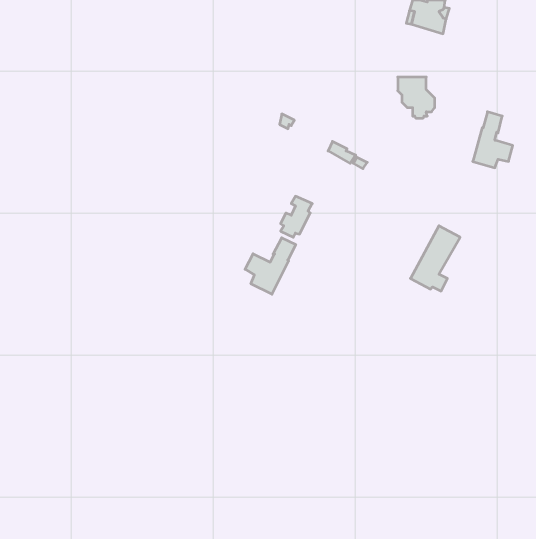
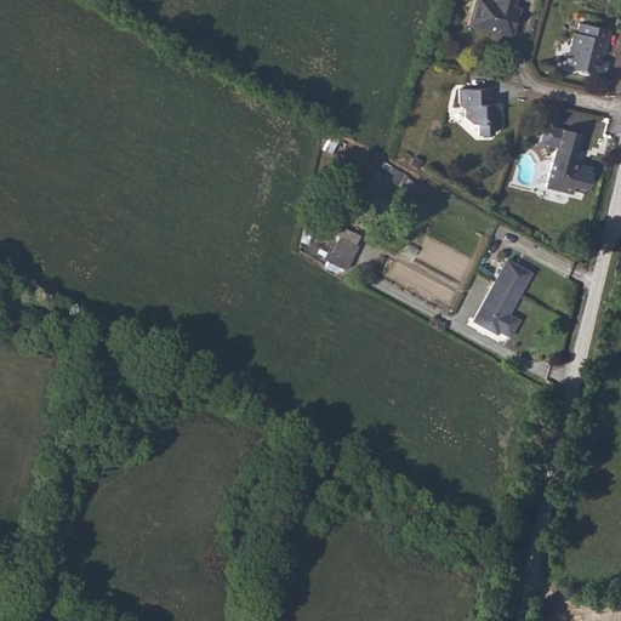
building: none -> [570,22,611,73]
building: [245,238,296,294] -> none

